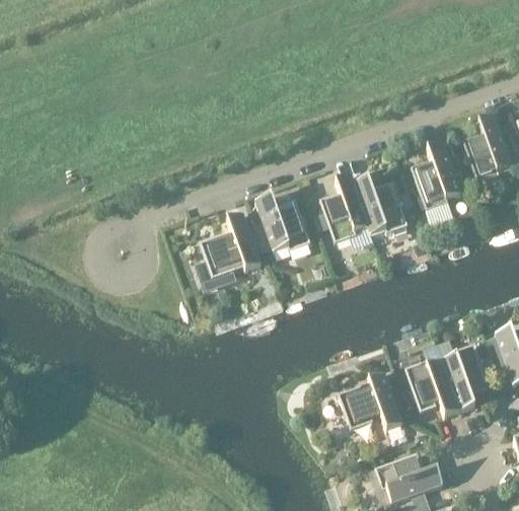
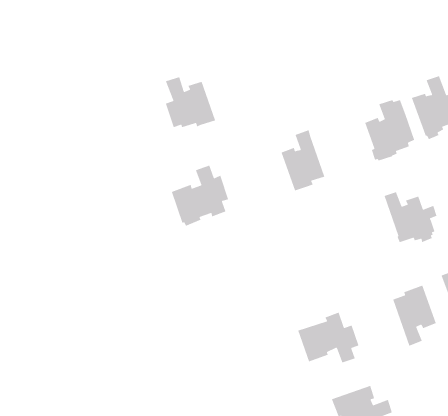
building: [353,177,412,234] -> [383,191,437,243]
building: [254,195,310,251] -> [165,76,216,128]
building: [404,360,459,417] -> none

